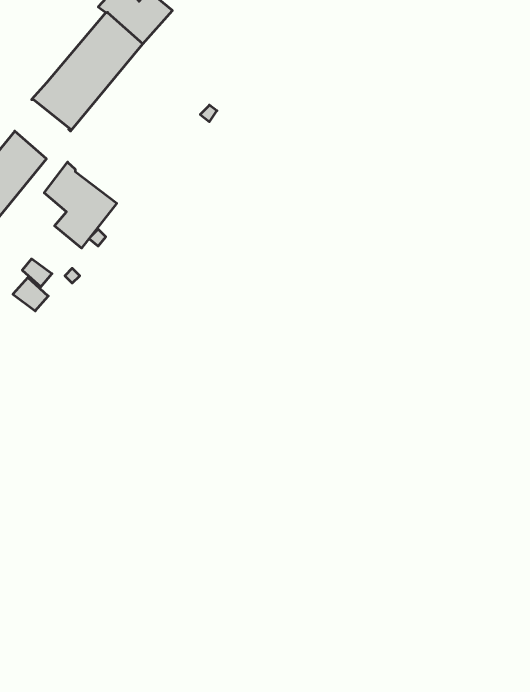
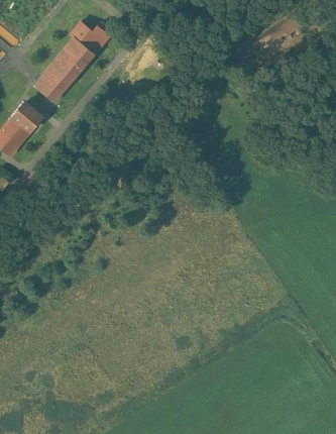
building: [44,162,117,248] -> none

